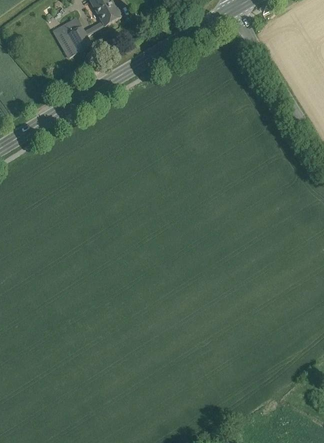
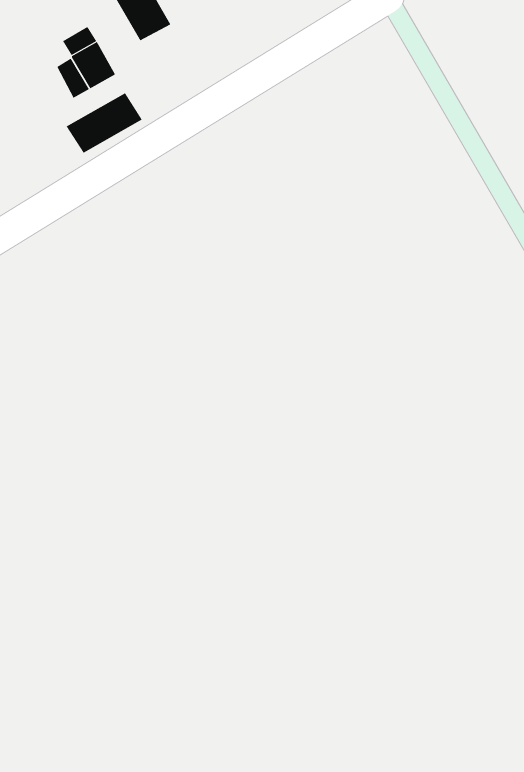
building: none -> [66,92,143,154]

